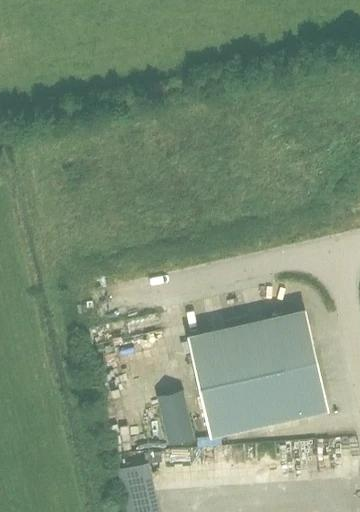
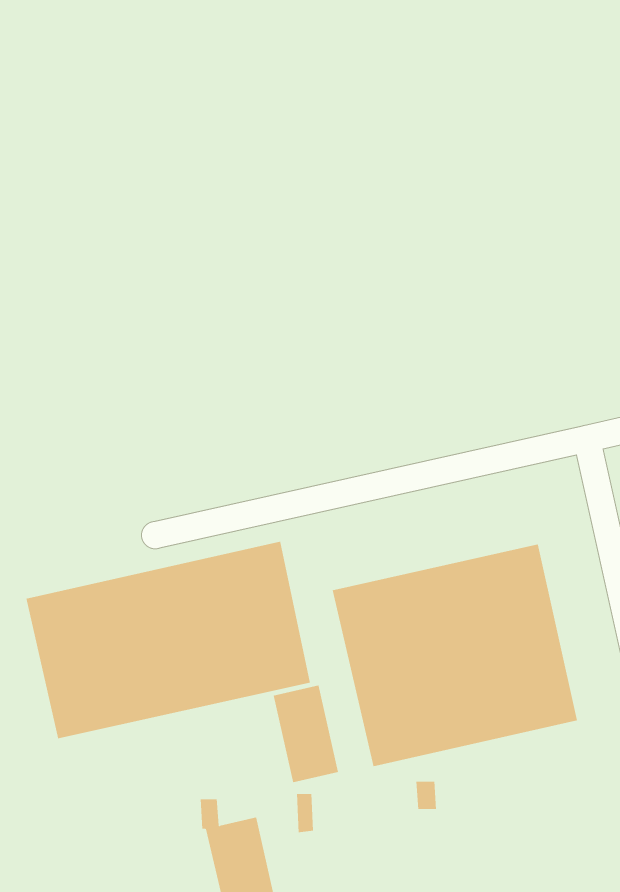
building: none -> [26,541,311,739]

